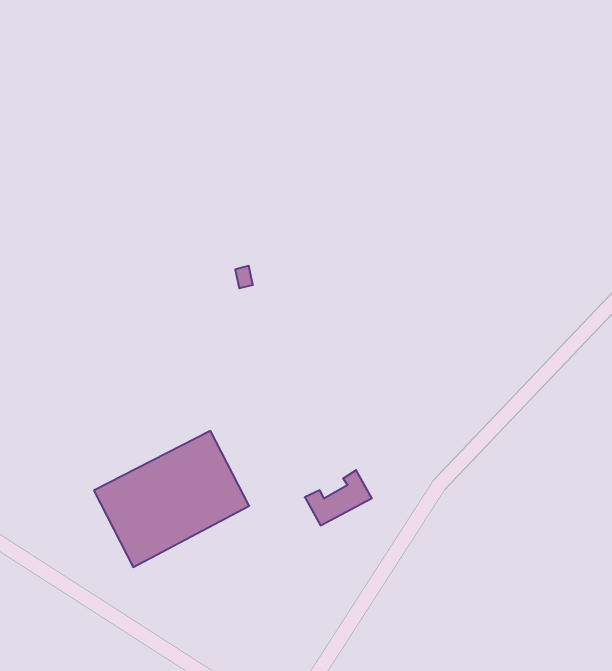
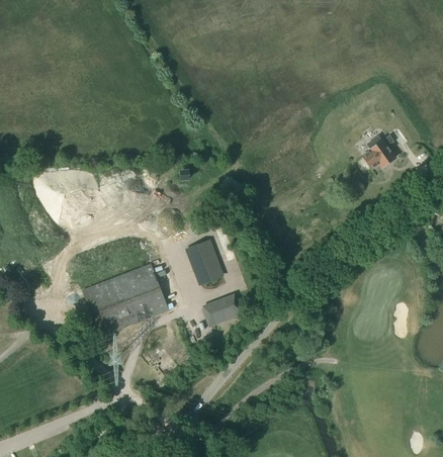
building: none -> [362,133,394,168]
building: none -> [185,238,222,283]

